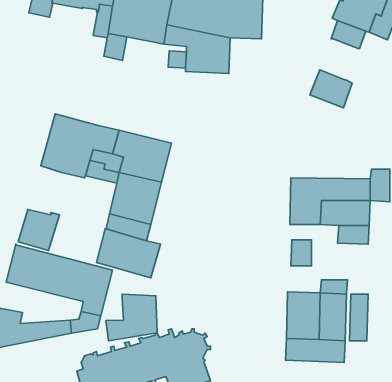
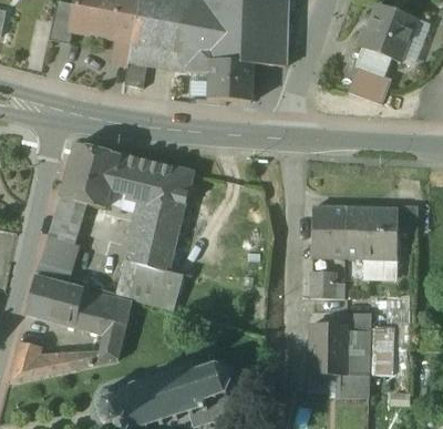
building: [310,70,352,108] -> [349,64,392,103]
building: none -> [48,194,82,244]
building: [106,294,157,341] -> none

